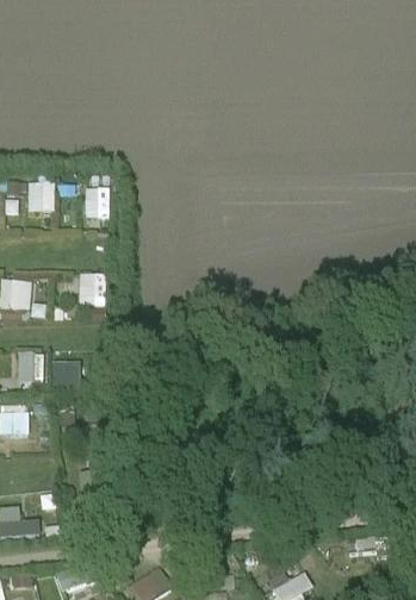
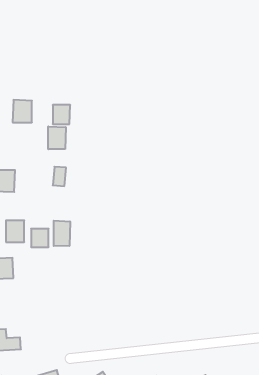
building: none -> [48,126,66,149]
building: none -> [54,221,70,246]

